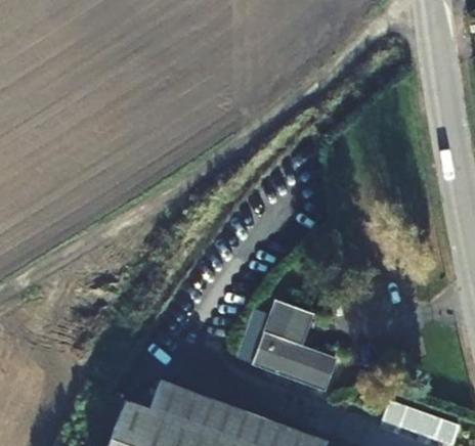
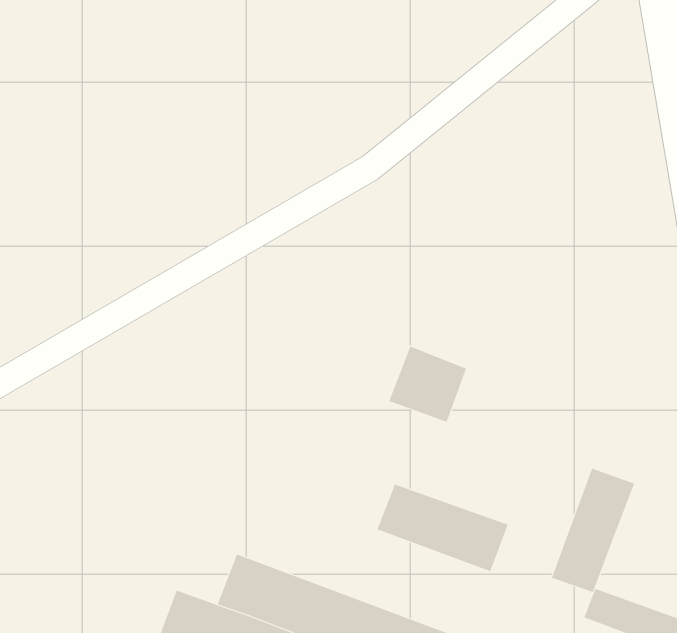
building: [263,300,312,348] -> [389,346,467,422]
building: none -> [551,468,635,593]

